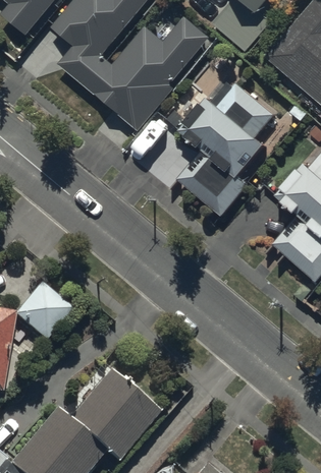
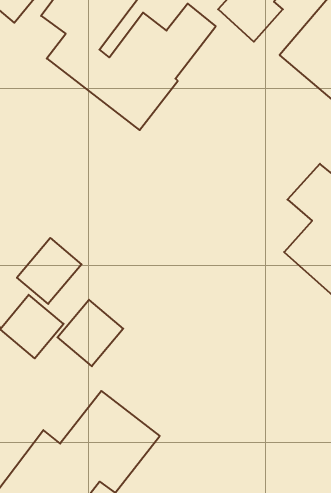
building: [177,80,276,216] -> none
building: none -> [17,238,82,304]
building: none -> [57,300,123,366]

